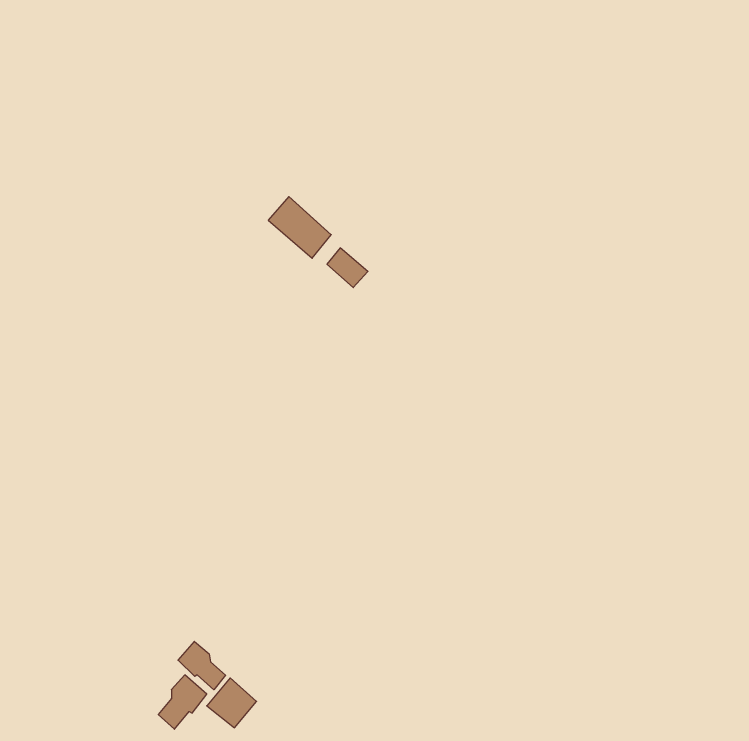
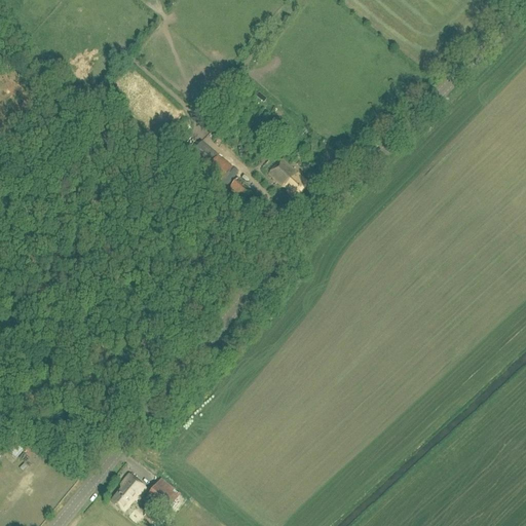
building: none -> [269,156,309,196]
building: [178,641,226,690] -> none

